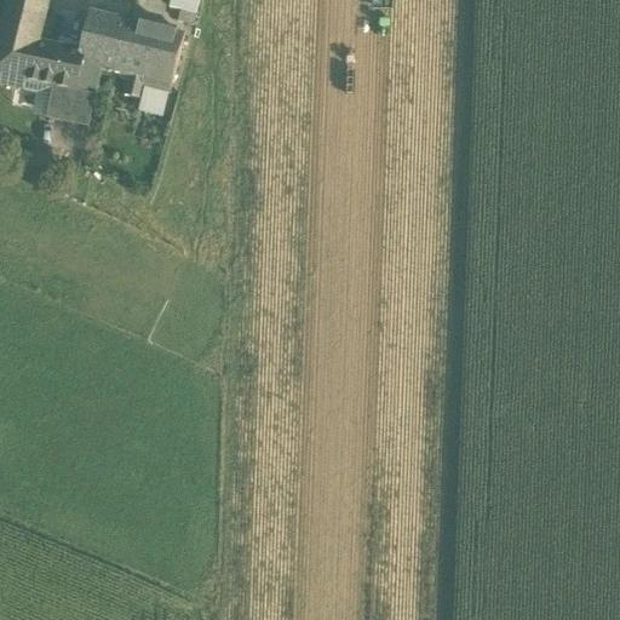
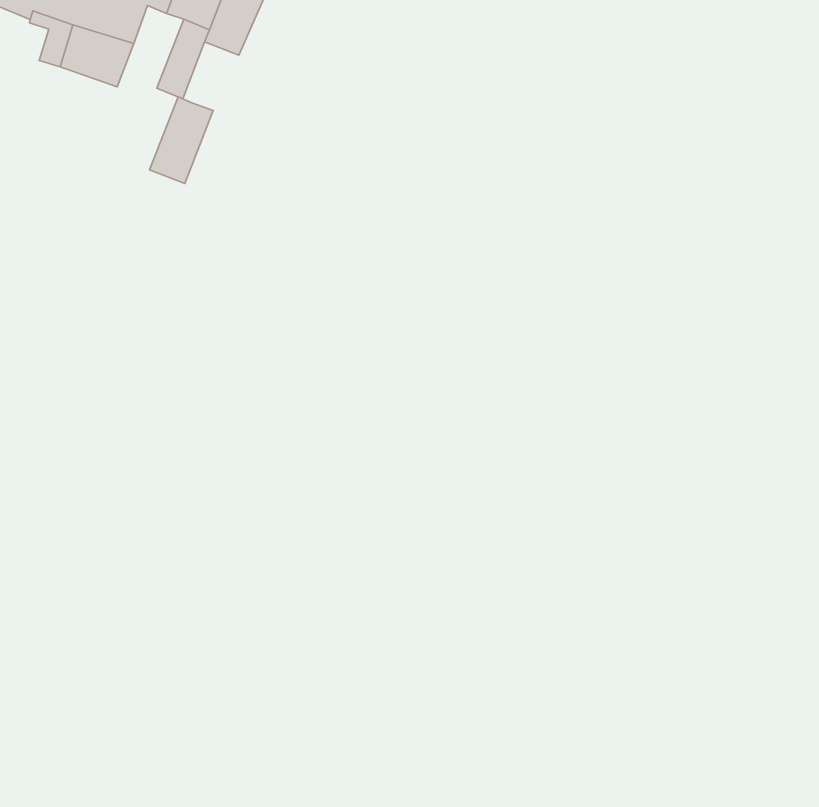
building: none -> [149,97,213,184]

